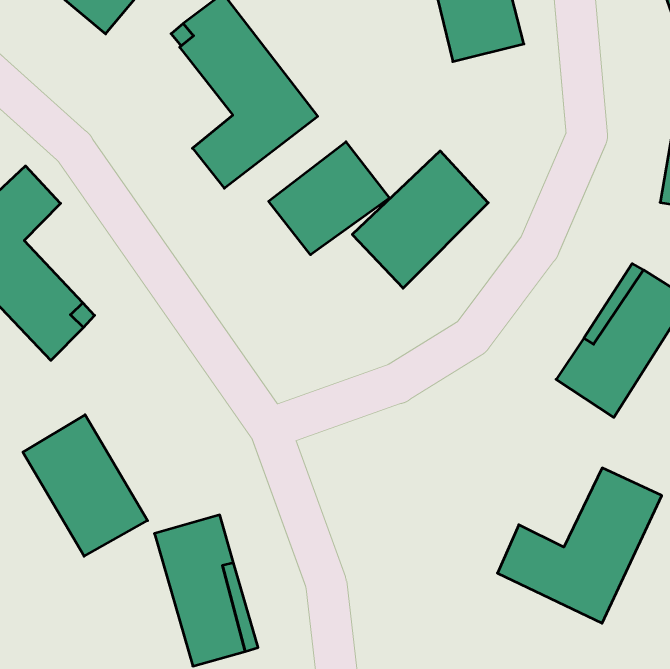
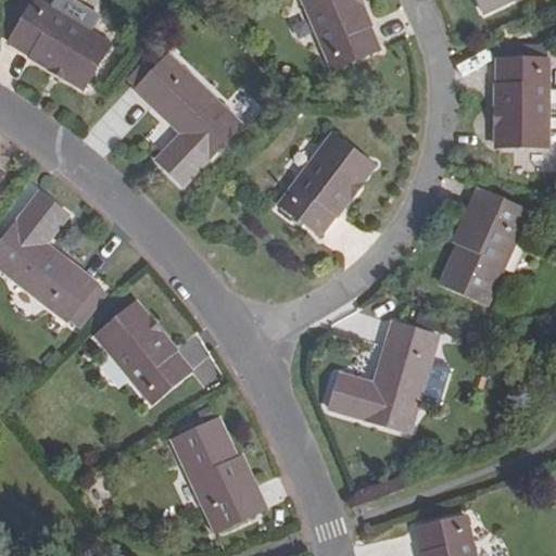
building: [269,142,389,255] -> none
building: [23,415,148,556] -> [96,301,192,402]
building: [497,468,662,623] -> [329,323,438,433]

